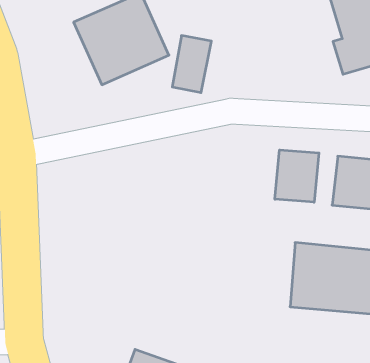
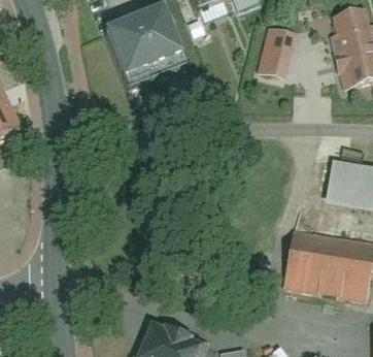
building: [172,36,211,93] -> [258,24,294,74]
building: [275,150,319,202] -> none

